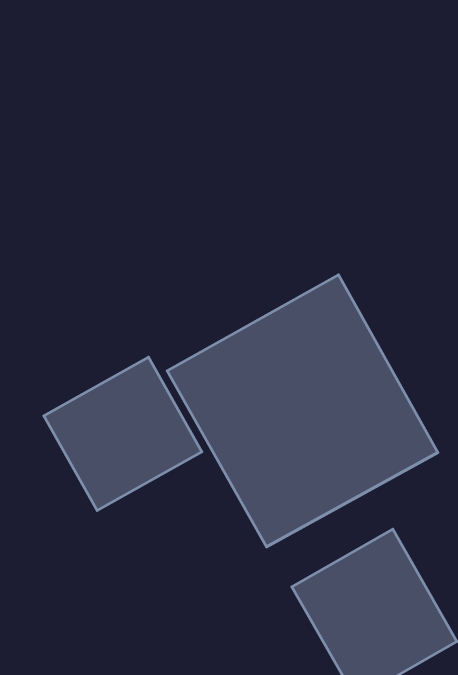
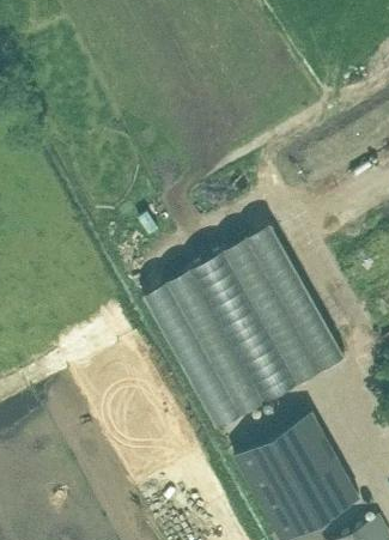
building: [44,357,202,511] -> none

